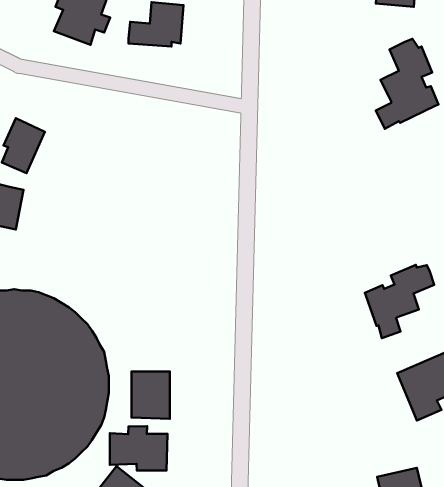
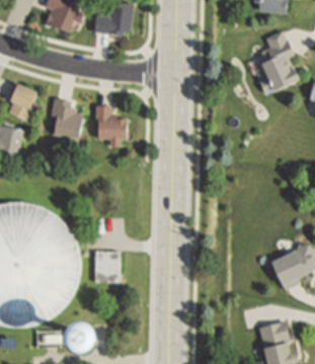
building: none -> [51,100,84,143]
building: none -> [95,108,128,150]
building: [365,265,434,338] -> none
building: [110,426,167,471] -> none

